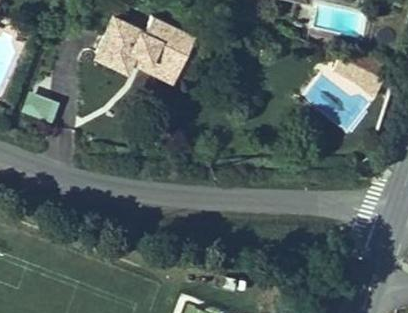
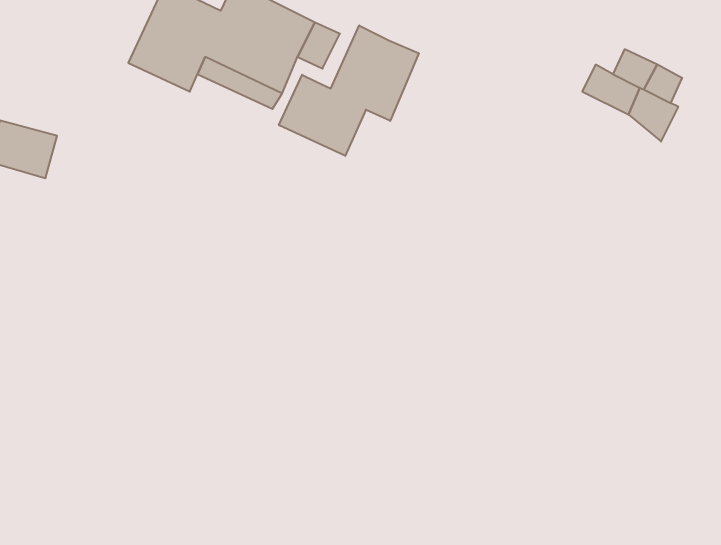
building: none -> [279,25,419,156]

